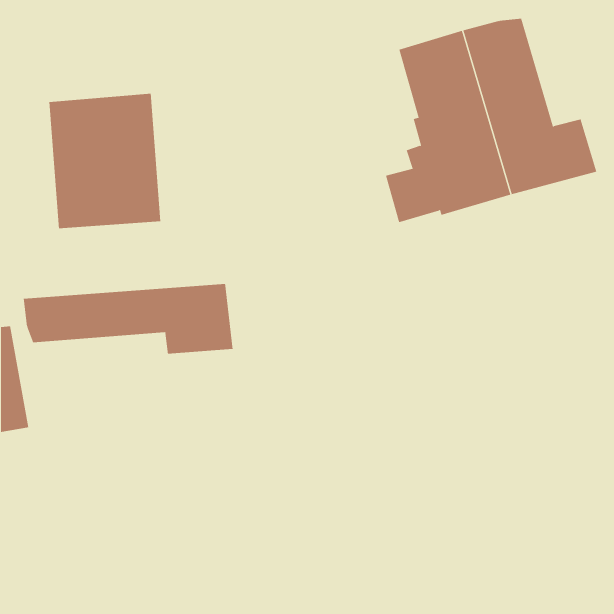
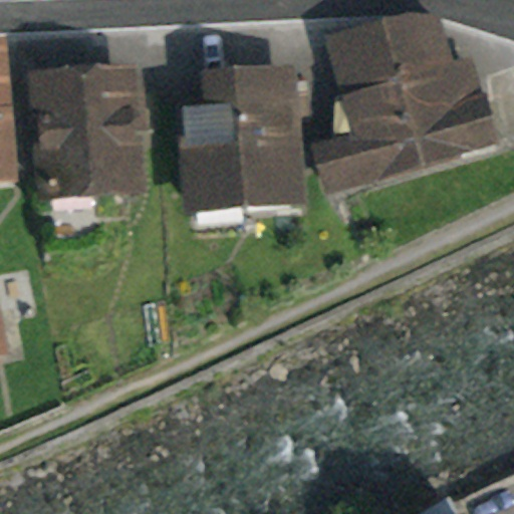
building: none -> [190,75,299,205]
building: [23,283,233,354] -> none

